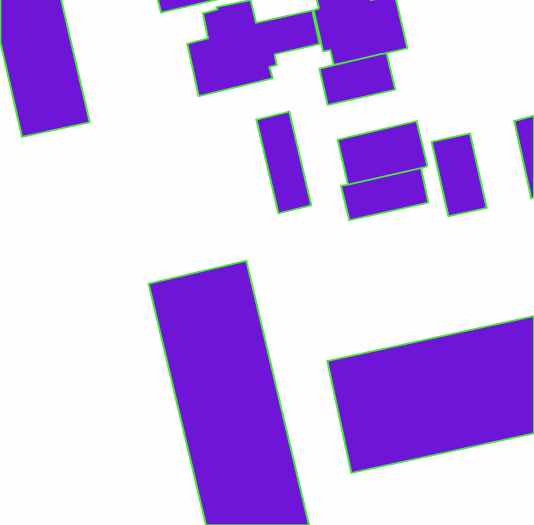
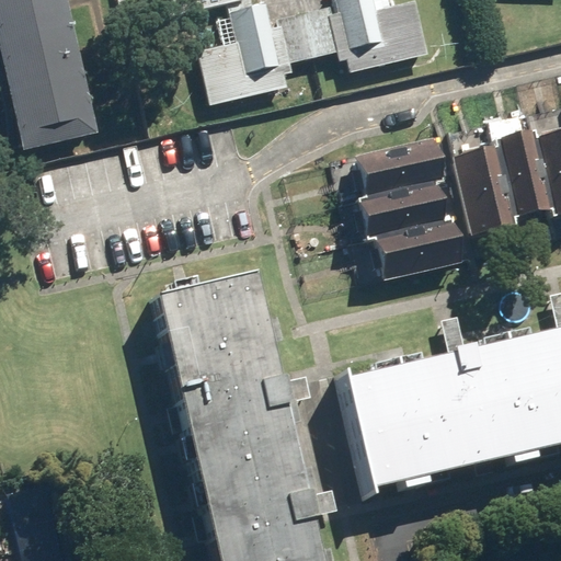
building: [319,53,395,105] -> none
building: [256,111,311,213] -> none
building: none -> [495,123,553,214]
building: none -> [374,210,467,274]

